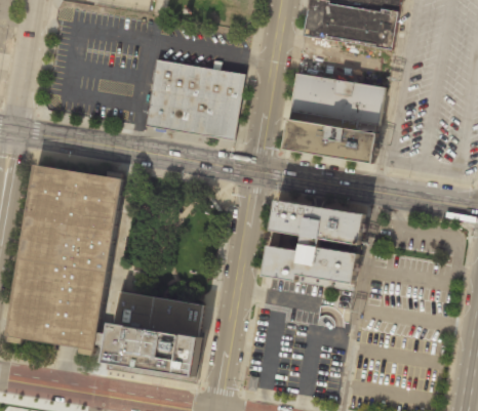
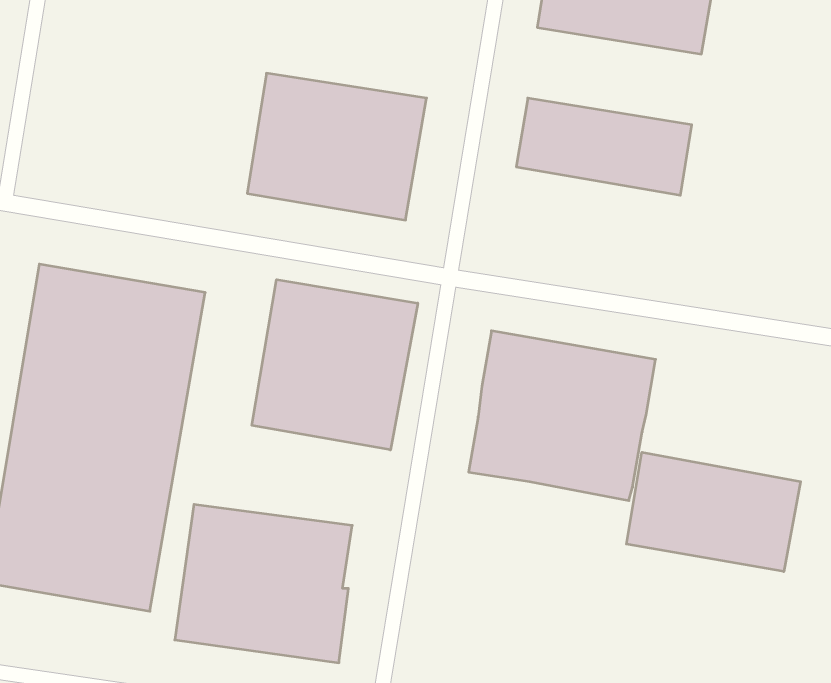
building: [286,119,380,162] -> none
building: none -> [252,280,418,450]
building: none -> [626,452,801,572]

